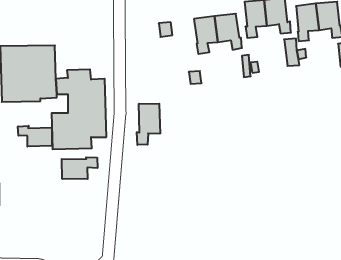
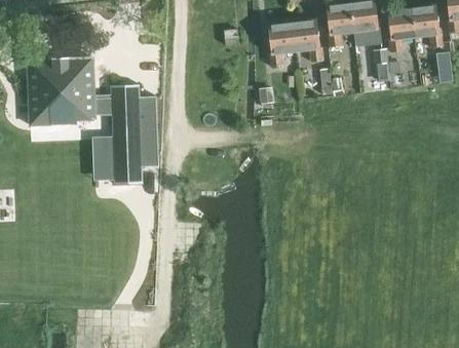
building: [137,104,160,145] -> none
building: [18,126,52,147] -> none
building: [62,157,97,179] -> none

